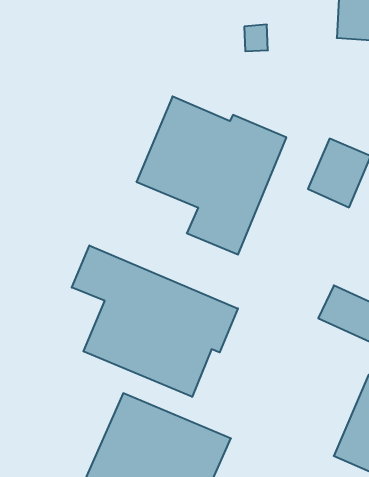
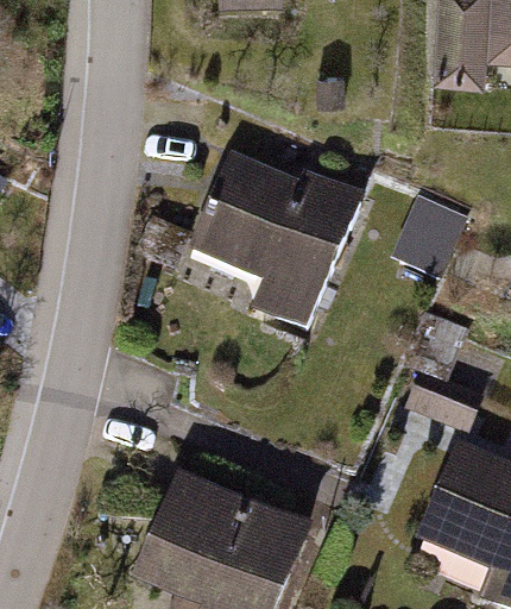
building: [72,245,238,397] -> none

